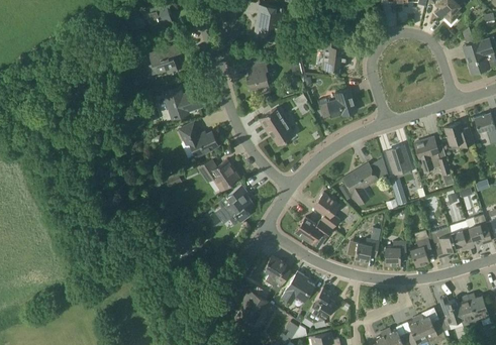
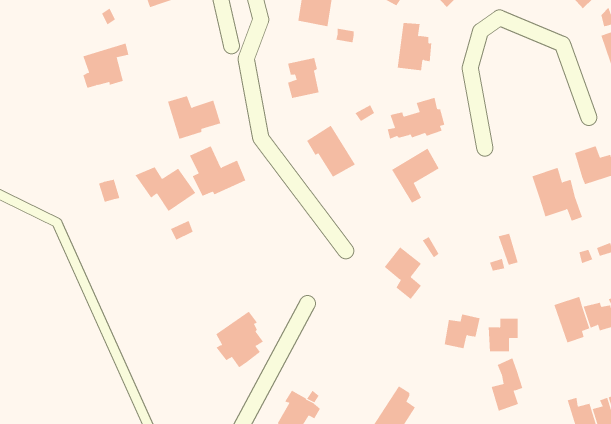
building: [148,43,181,75] -> [82,43,129,88]
building: [388,146,410,172] -> none
building: [197,159,239,191] -> [135,166,196,212]
building: [343,163,377,202] -> [391,148,439,204]
building: [218,186,252,225] -> [215,311,264,368]
building: [297,217,331,242] -> none
building: [410,229,432,266] -> [491,357,523,412]
building: [263,255,291,292] -> none
building: [282,271,315,304] -> none

